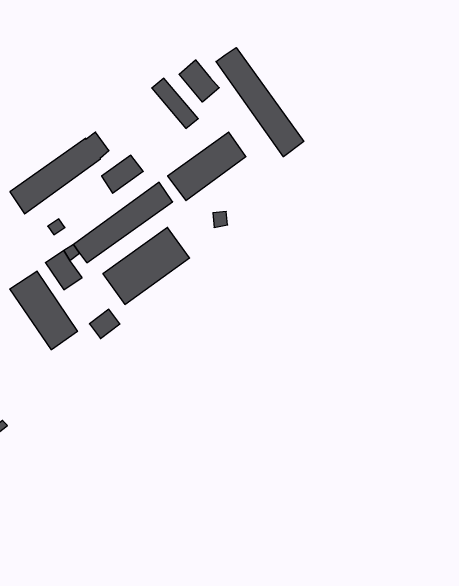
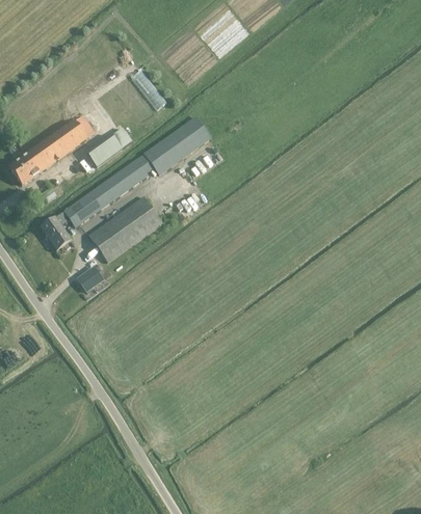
building: [216,48,304,157] -> none
building: [179,60,219,102] -> none
building: [10,271,77,350] -> none

